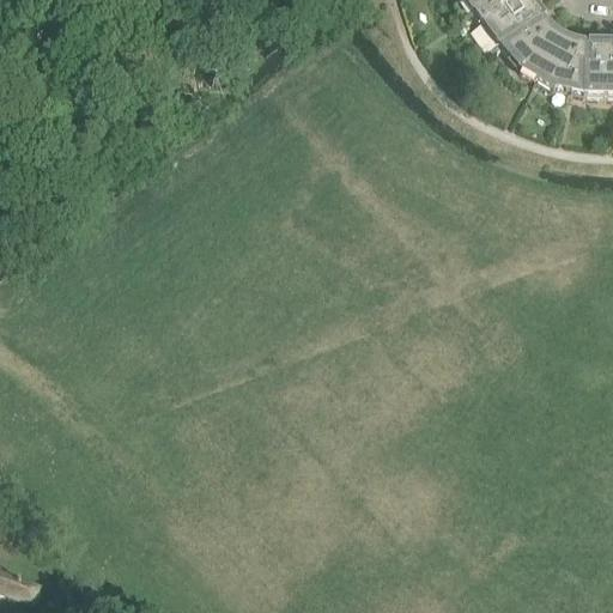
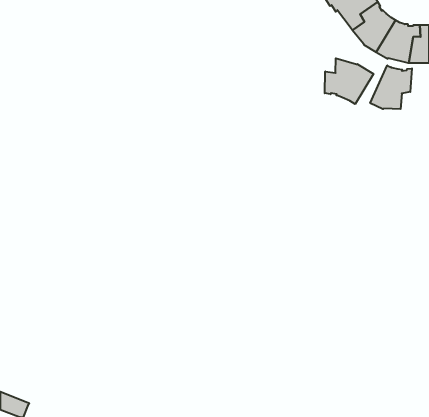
building: none -> [325,58,373,104]
building: none -> [370,65,412,109]

